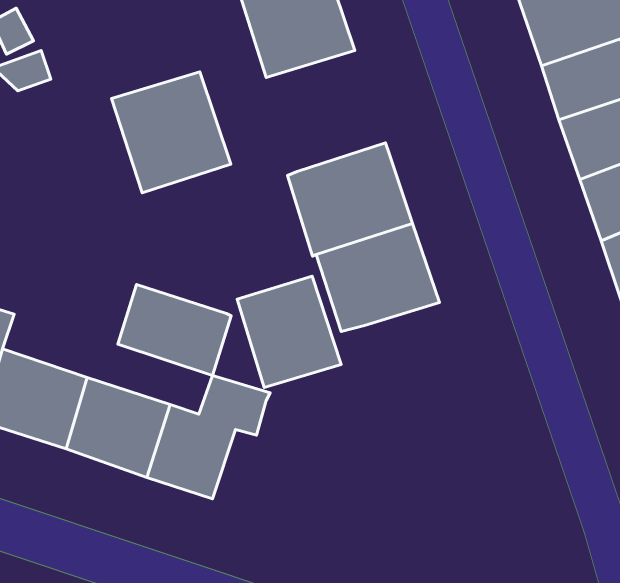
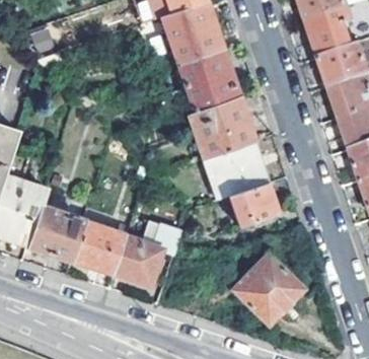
building: [111,72,231,193] -> [176,51,239,115]
building: [237,276,341,388] -> [228,184,283,242]
building: [118,284,231,376] -> none
building: none -> [231,252,304,325]

